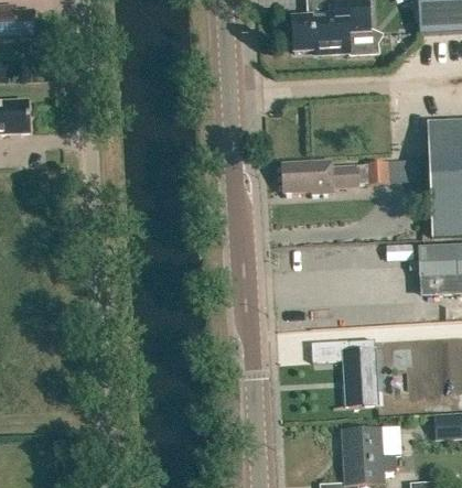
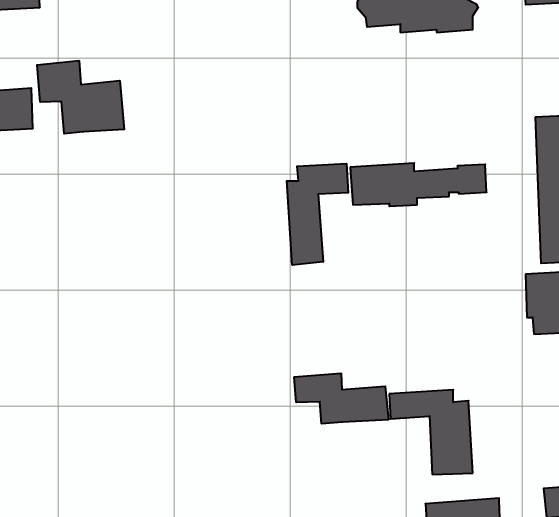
building: none -> [37,61,124,134]
building: none -> [287,164,348,265]
building: none -> [294,373,388,424]

